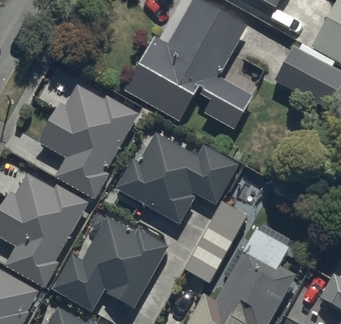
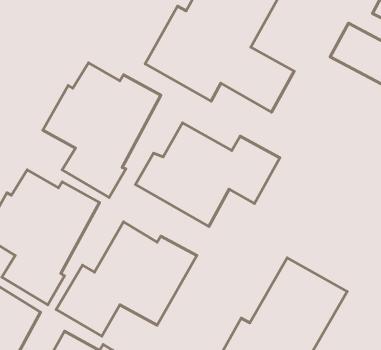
building: [183,199,244,278] -> none

